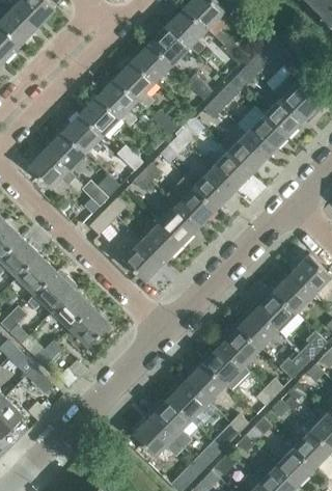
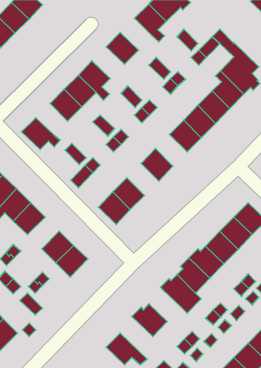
building: [150,25,190,64] -> none
building: [115,60,156,109] -> none
building: [46,131,85,170] -> none
building: [194,169,233,209] -> none
building: [159,206,198,245] -> none
building: [28,272,77,311] -> none
building: [186,362,226,402] -> none
building: [150,395,192,448] -> none

